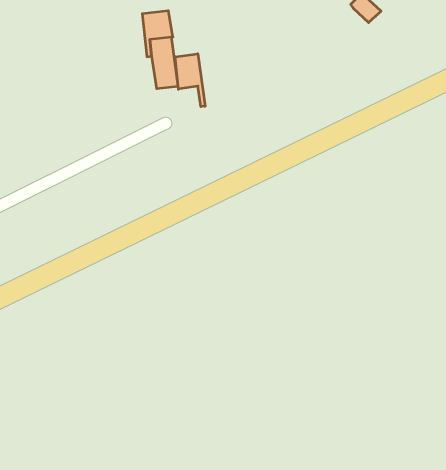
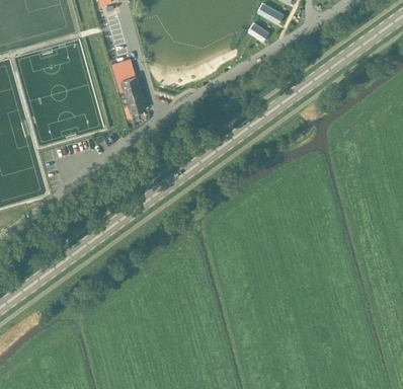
building: [175,54,205,107] -> none

